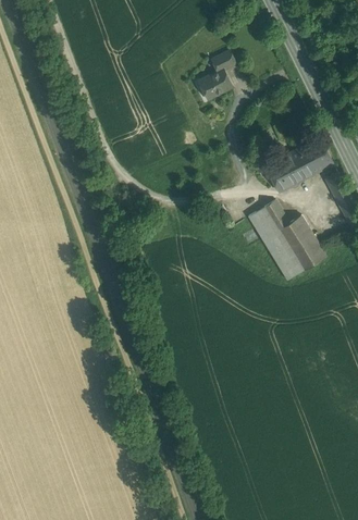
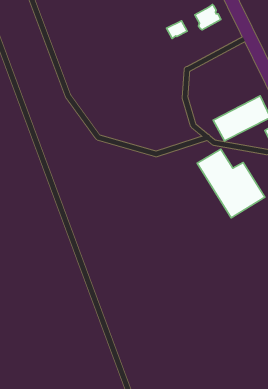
building: [201,69,232,98] -> [195,4,221,30]

